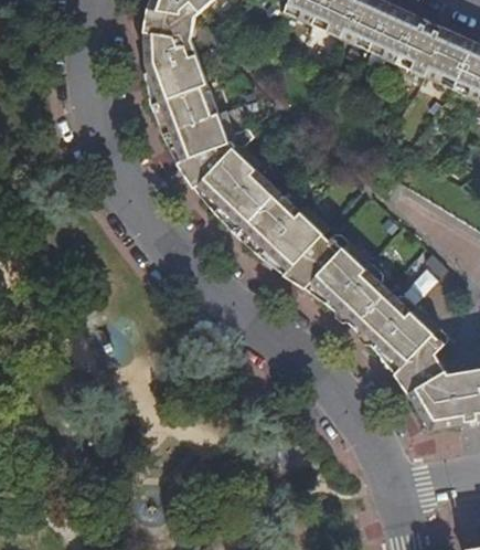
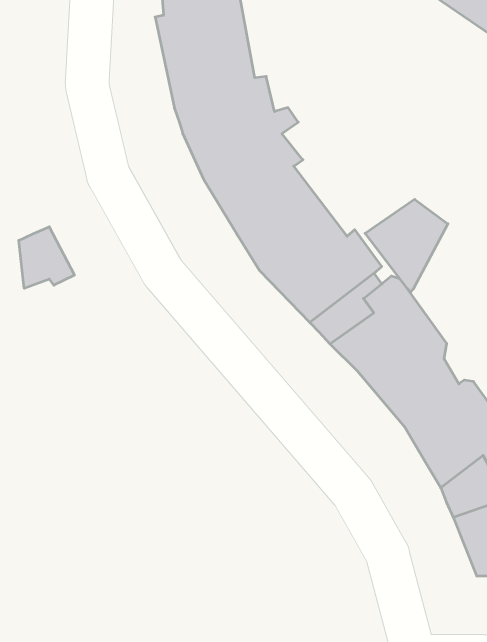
building: none -> [365,199,448,292]
building: none -> [19,227,74,288]

